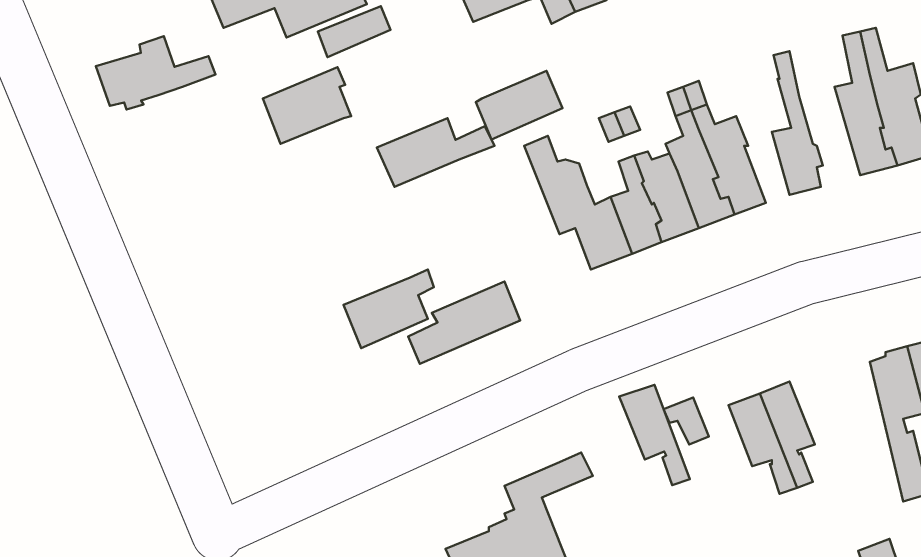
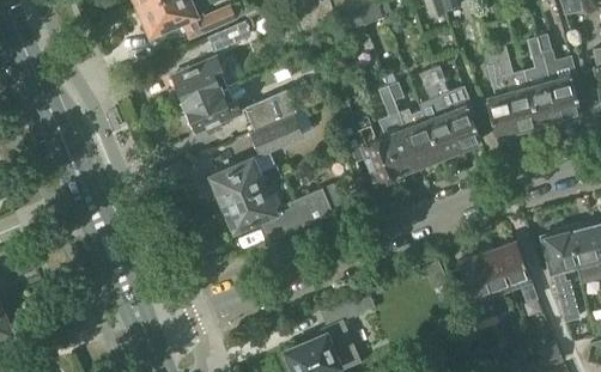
building: [96,36,215,110] -> none
building: none -> [494,45,538,132]
building: [476,71,562,140] -> [250,115,303,157]
building: none -> [184,90,243,135]
building: none -> [212,159,281,203]
building: [619,385,690,485] -> [494,243,538,304]

